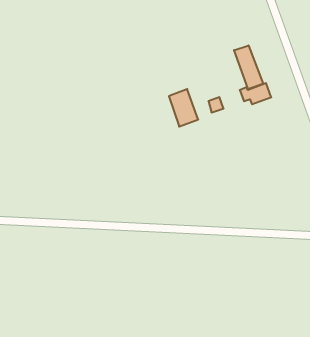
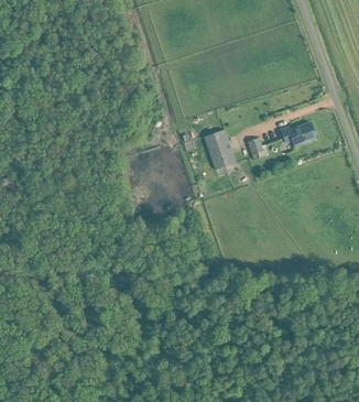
building: [234,45,263,89] -> none

